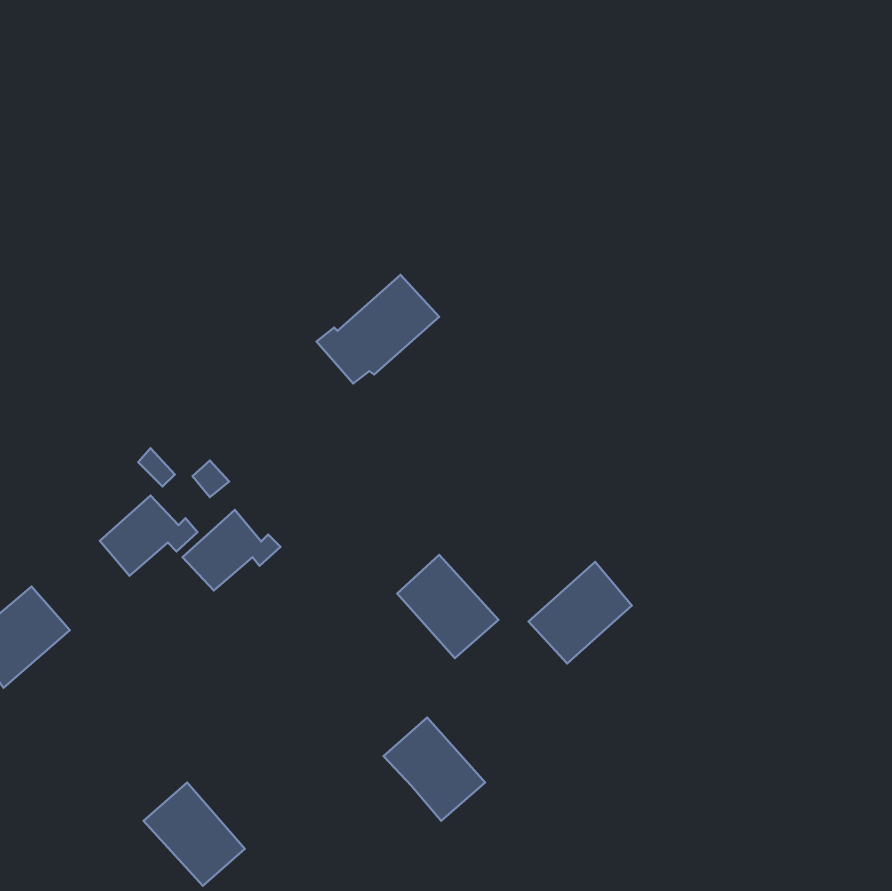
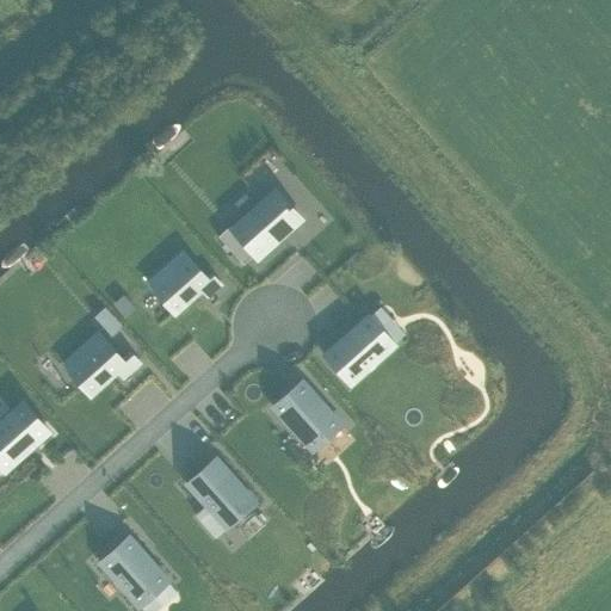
building: [182,510,280,590] -> [152,257,218,311]
building: [529,562,632,663] -> [323,313,394,382]
building: [384,718,485,821] -> [185,456,254,526]

